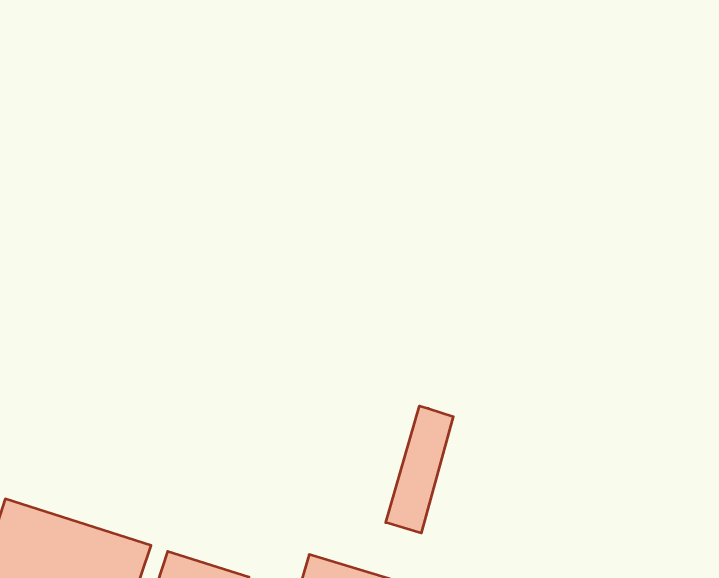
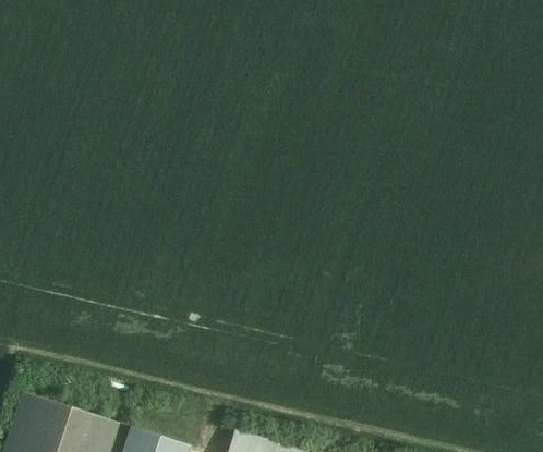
building: [386,406,453,533] -> none

